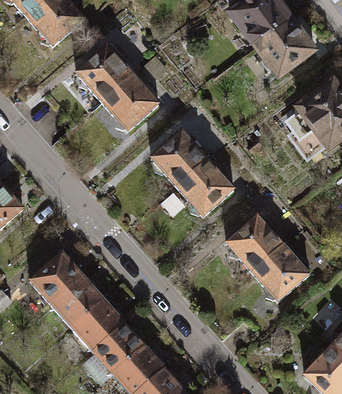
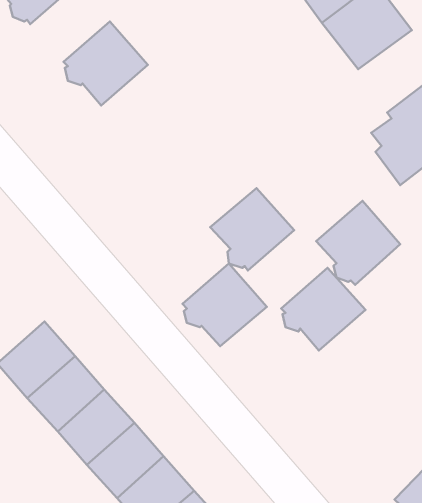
building: [101,73,159,130] -> none
building: [150,128,208,185] -> [183,263,267,346]
building: [251,242,309,300] -> [316,201,400,285]

